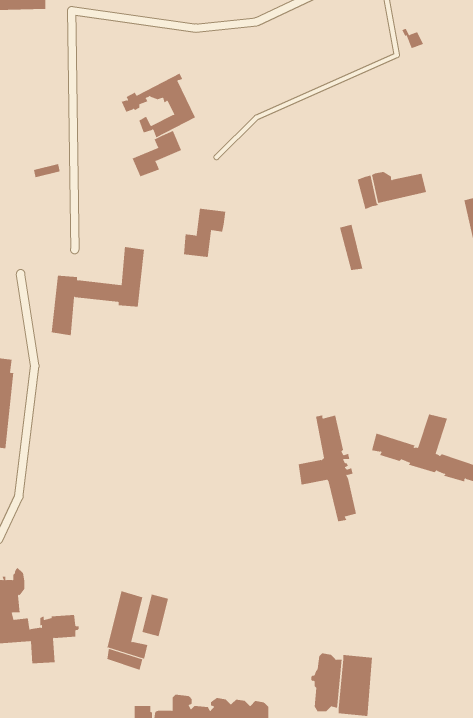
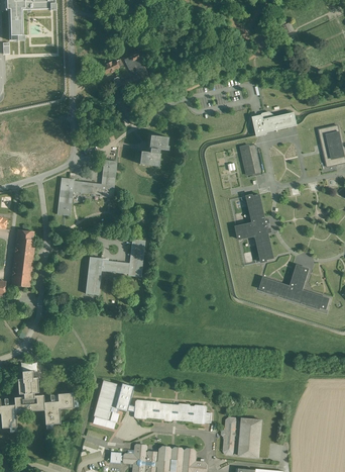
building: [132,130,182,177] -> none
building: none -> [86,240,145,295]
building: [298,415,357,522] -> [236,195,273,263]
building: none -> [134,400,207,424]

